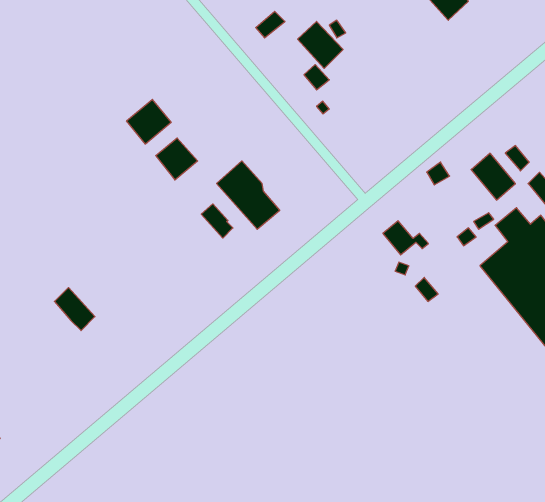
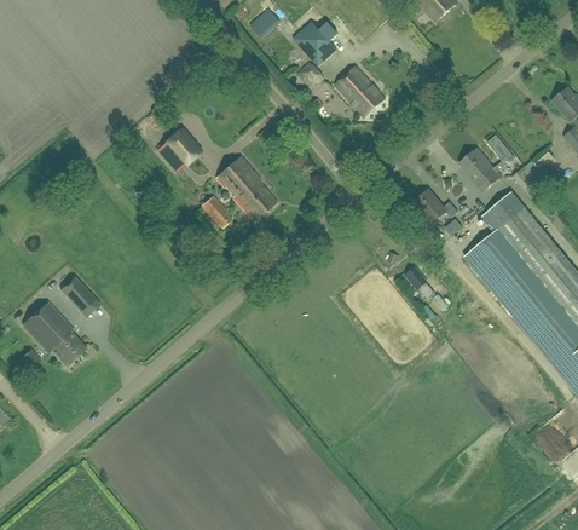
building: none -> [335,65,385,116]
building: [127,99,171,144] -> none
building: [383,221,428,255] -> [414,189,457,221]
building: none -> [24,300,86,365]

